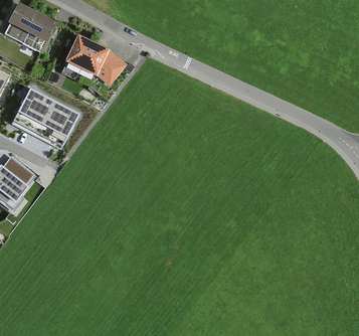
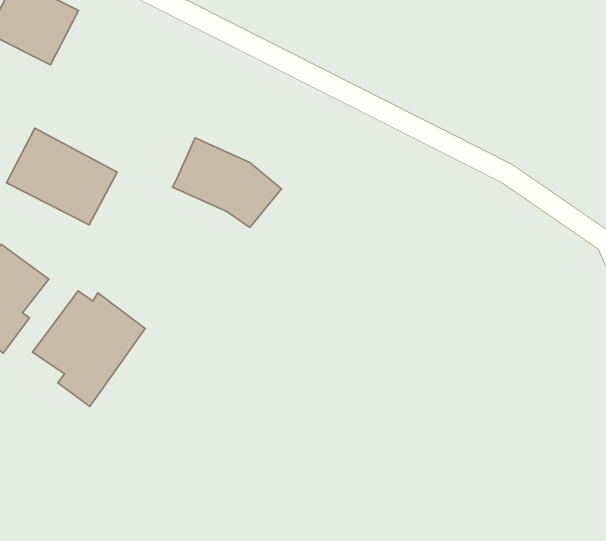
building: [63,35,126,87] -> [172,138,281,227]
building: none -> [33,291,145,406]

